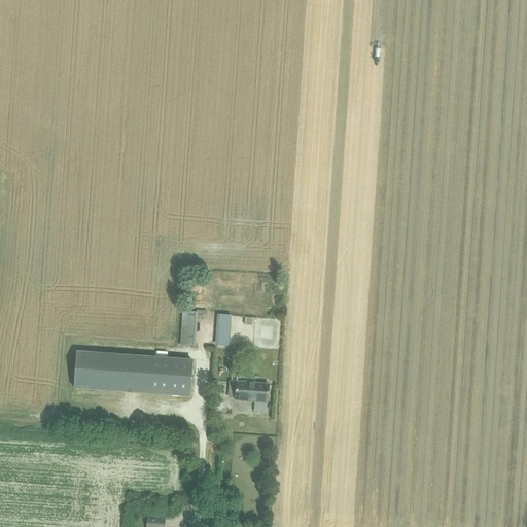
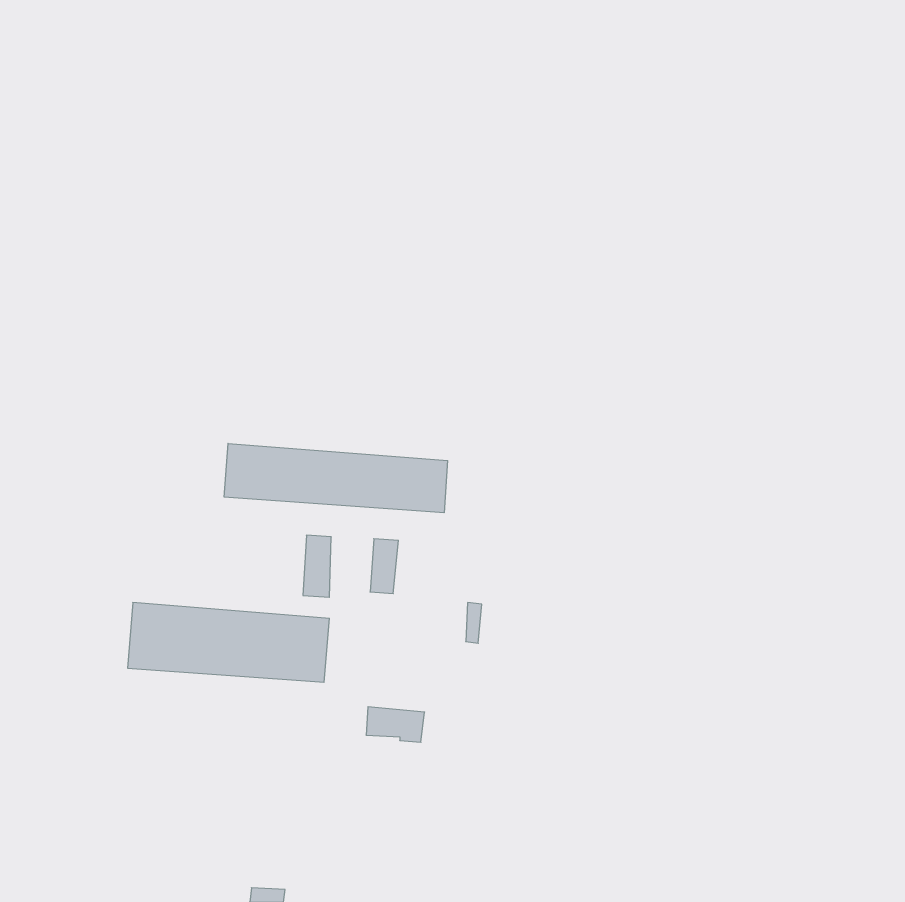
building: none -> [224,443,448,513]
building: [235,381,269,401] -> [366,707,425,742]

